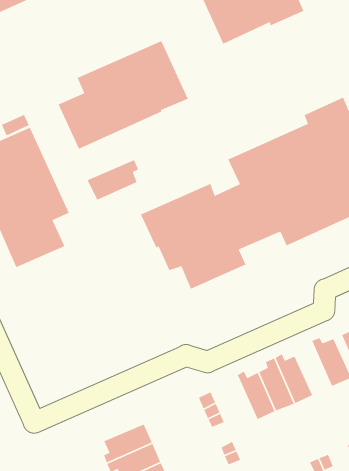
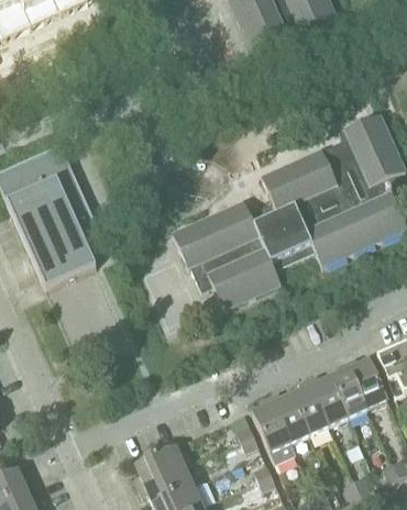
building: [57,36,189,150] -> none
building: [87,159,139,201] -> none
building: none -> [330,361,367,417]
building: none -> [251,396,296,463]

